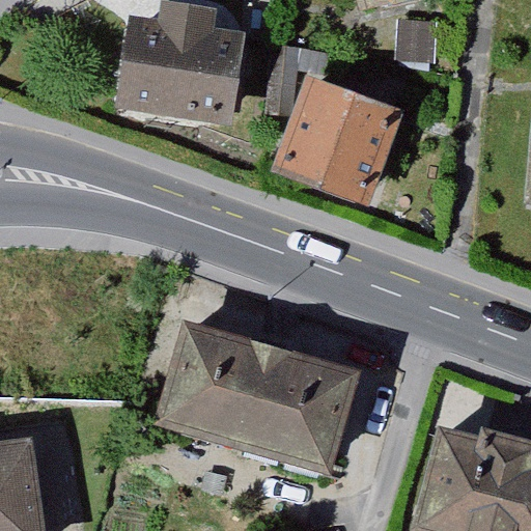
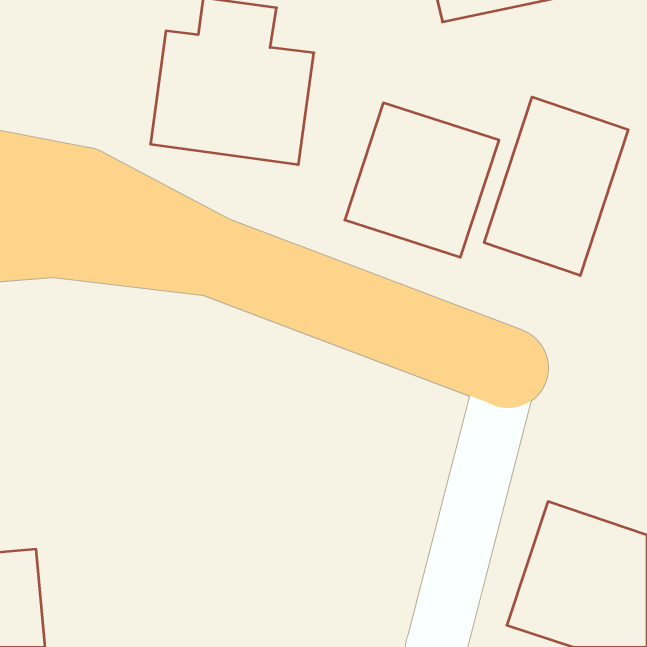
building: none -> [484,97,628,276]
building: [155,310,360,467] -> none

